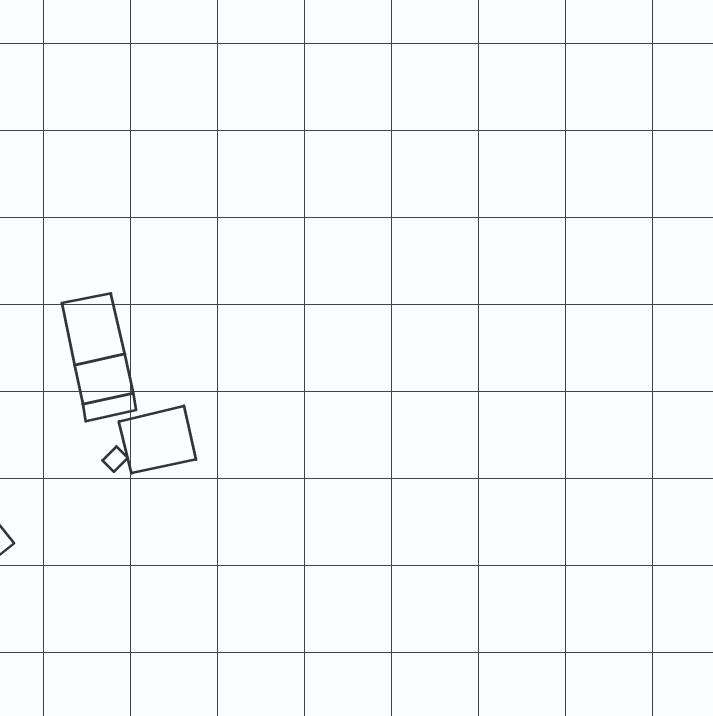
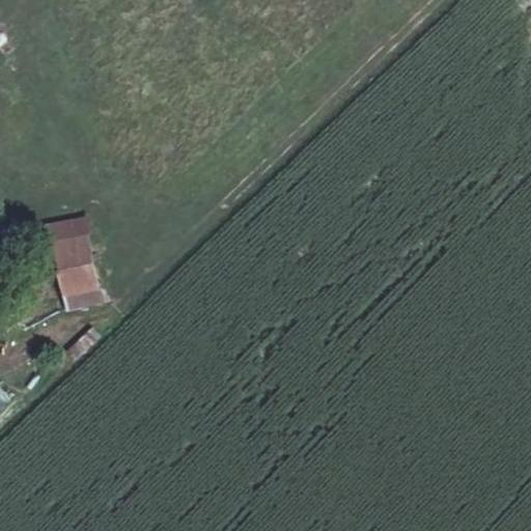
building: [119,406,196,473] -> none

